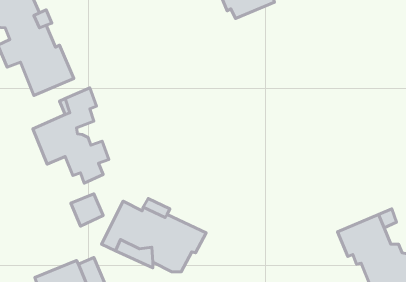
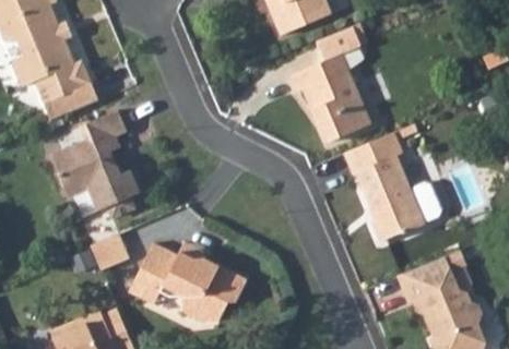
building: none -> [291,24,372,140]
building: none -> [344,131,443,242]

